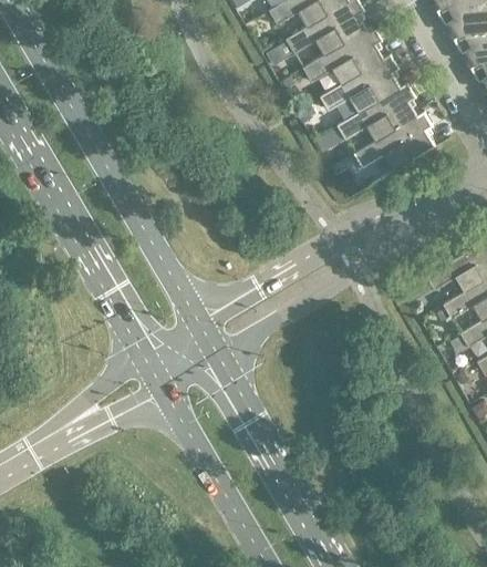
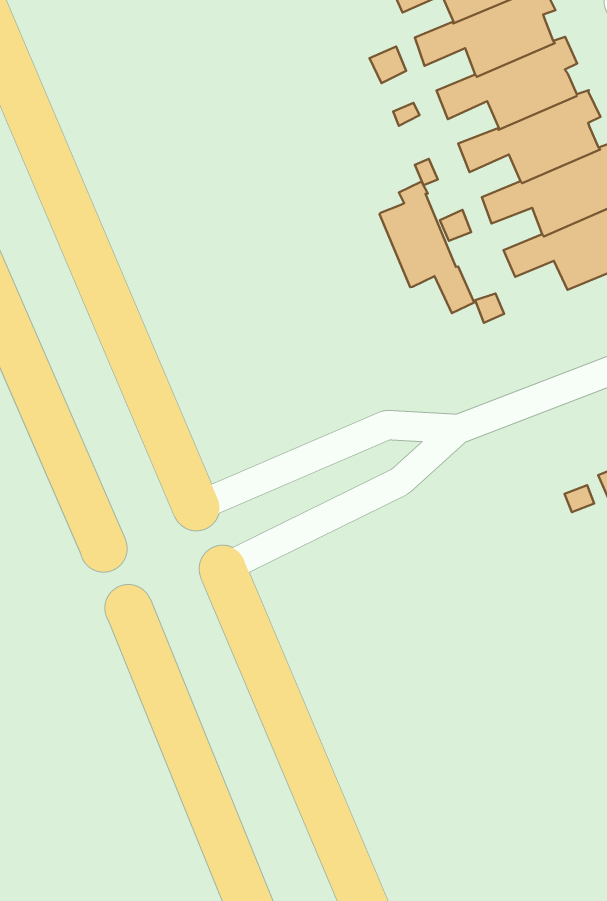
building: none -> [380,182,474,313]

